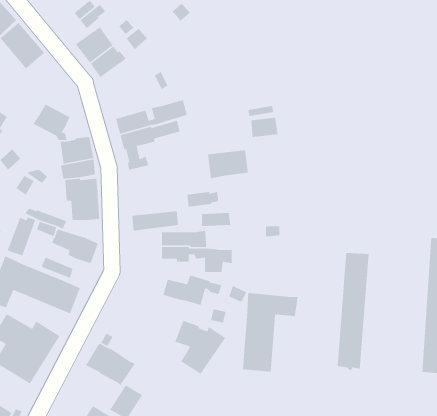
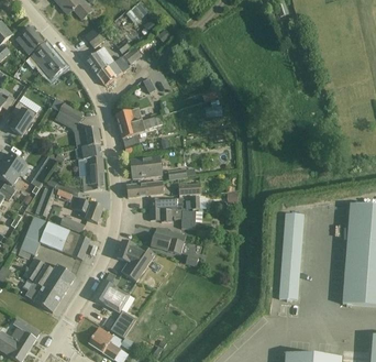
building: [207,149,249,179] -> [130,155,161,177]
building: [242,292,298,373] -> none
building: [174,320,226,375] -> [117,240,155,281]

